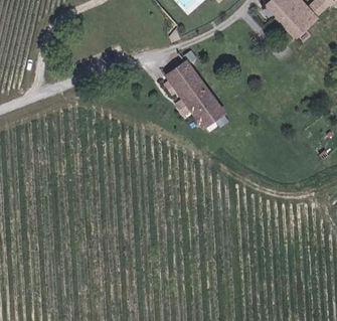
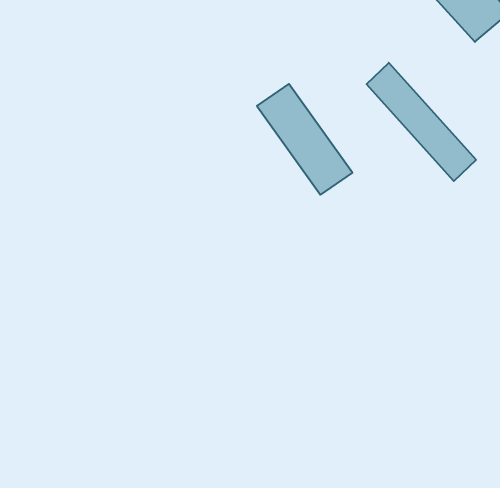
building: none -> [367,63,476,181]

